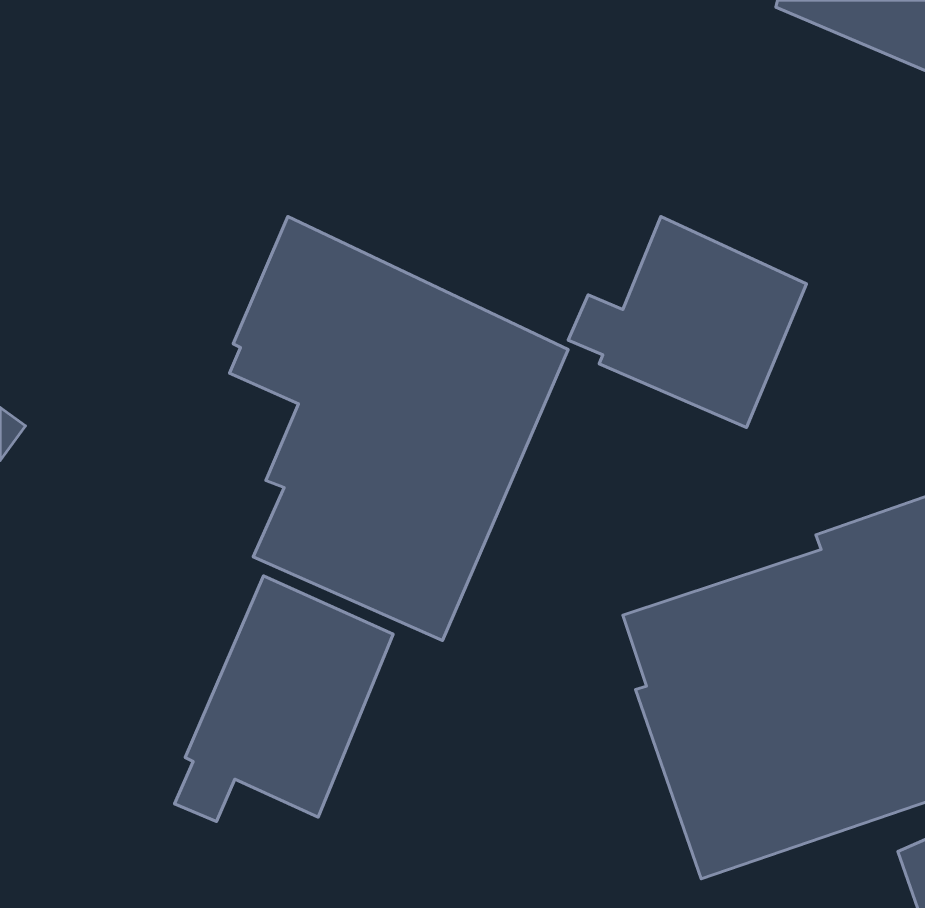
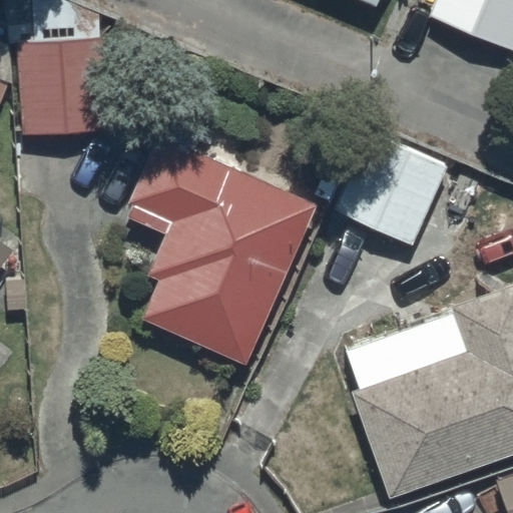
building: none -> [17,30,108,137]
building: [175,576,393,821] -> none

